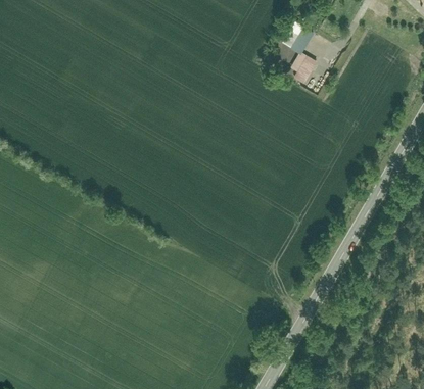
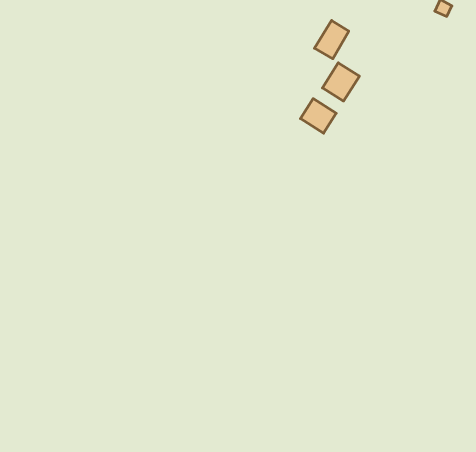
building: none -> [300,99,336,133]

